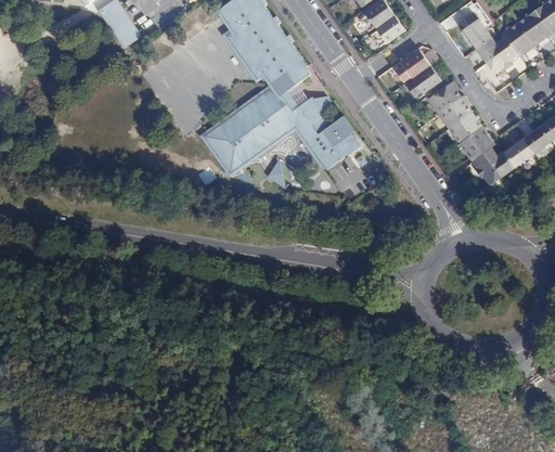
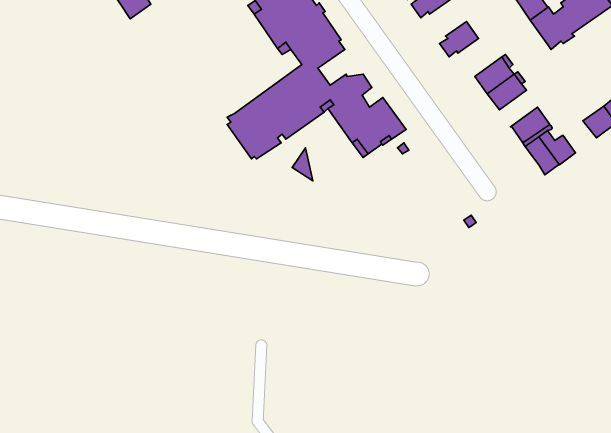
building: [405,65,441,96] -> none
building: [448,111,481,143] -> none
building: [504,138,533,166] -> none

